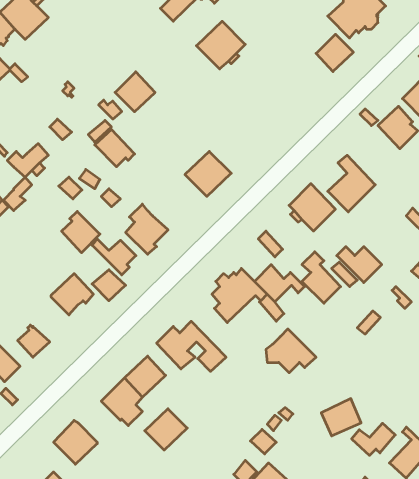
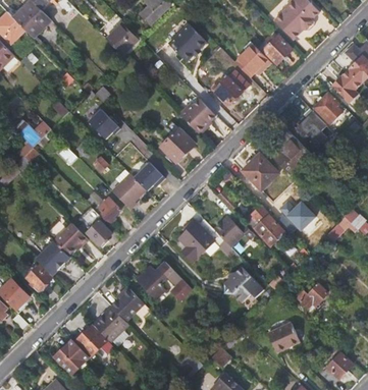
building: none -> [233,44,269,75]
building: [115,72,155,112] -> [105,22,137,54]
building: none -> [210,71,248,104]
building: none -> [178,97,214,133]
building: none -> [297,108,326,148]
building: none -> [134,162,164,190]
building: [62,211,100,253] -> none
building: none -> [35,241,68,275]
building: [145,409,187,450] -> [74,324,108,356]
building: [352,423,395,455] -> [294,283,328,309]

